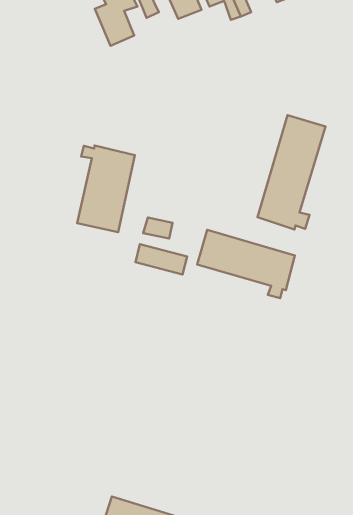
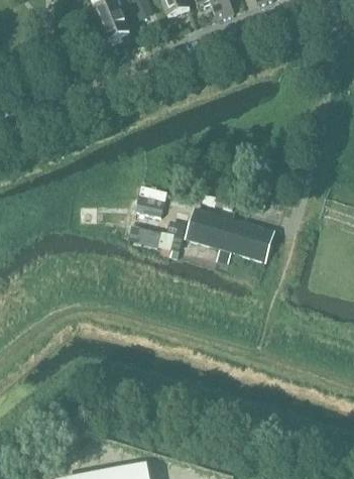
building: [257,115,325,230] -> none
building: [77,145,135,232] -> none

